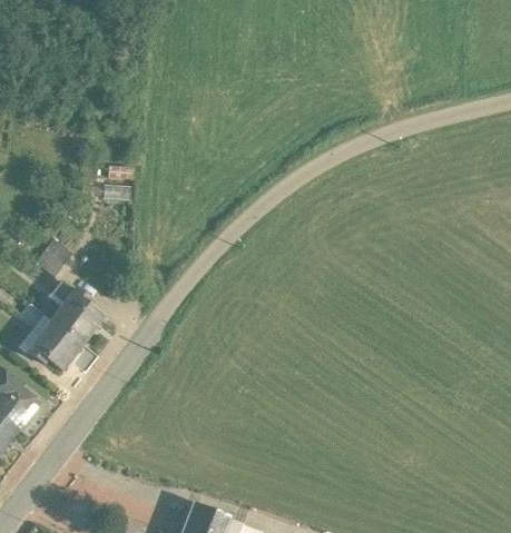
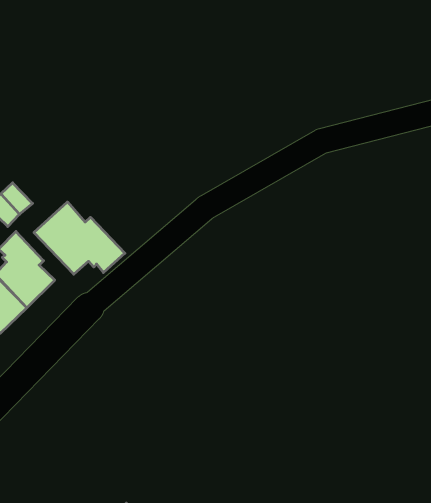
building: none -> [34,202,125,274]

